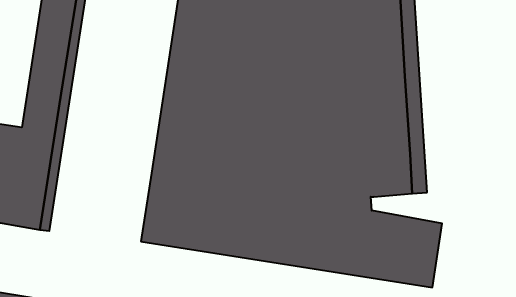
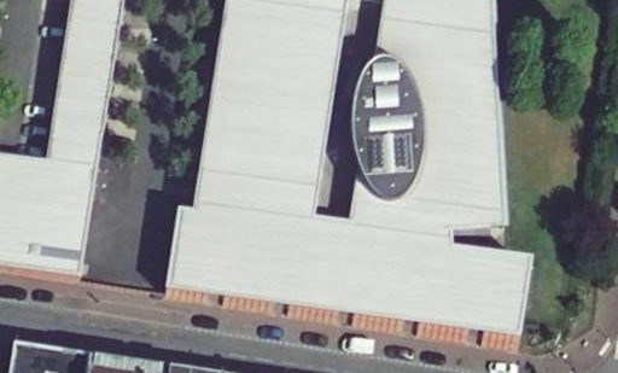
building: none -> [163,204,530,339]

